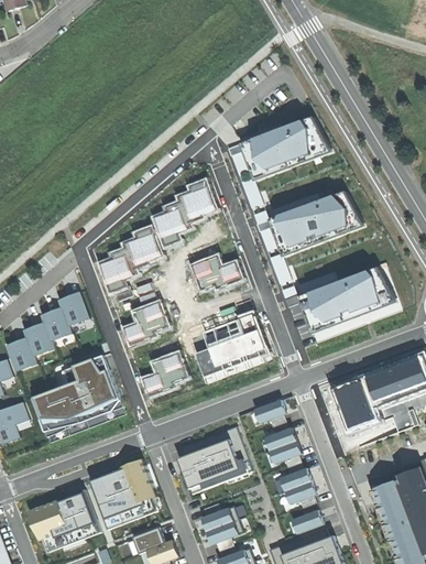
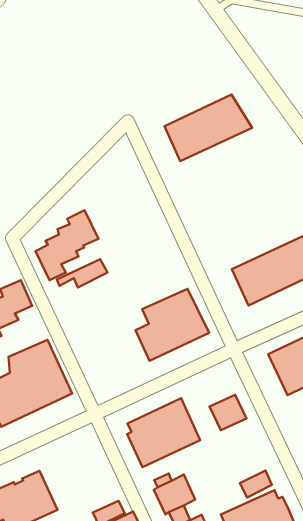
building: [151,177,218,246] -> none
building: [269,191,363,257] -> none
building: [189,253,242,291] -> none
building: [122,300,166,345] -> none
building: [141,350,186,393] -> none
building: [252,397,285,423] -> none
building: [91,458,160,528] -> none
building: [278,466,317,503] -> none

